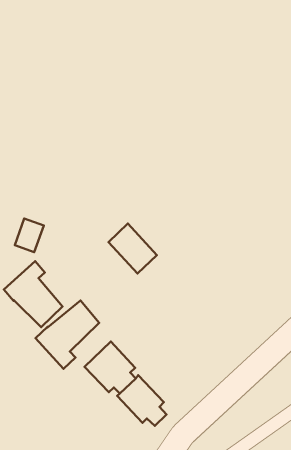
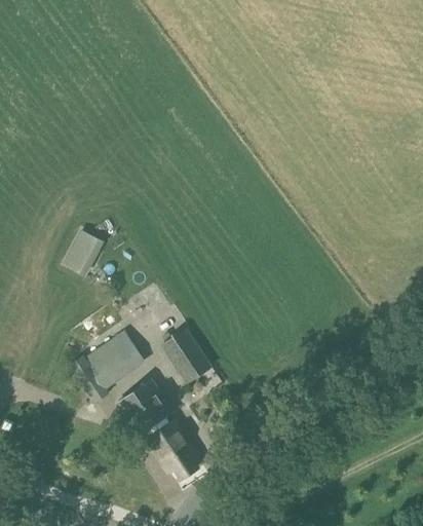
building: [108,224,157,274] -> [163,327,213,381]
building: [4,261,63,327] -> none

